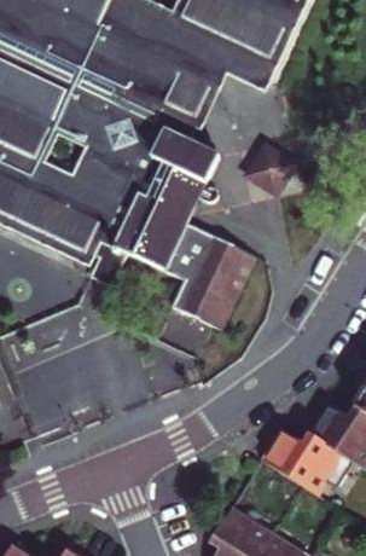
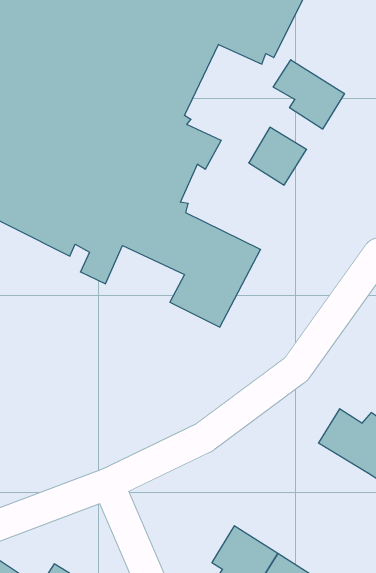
building: none -> [273,60,344,129]
building: [262,430,355,497] -> none

